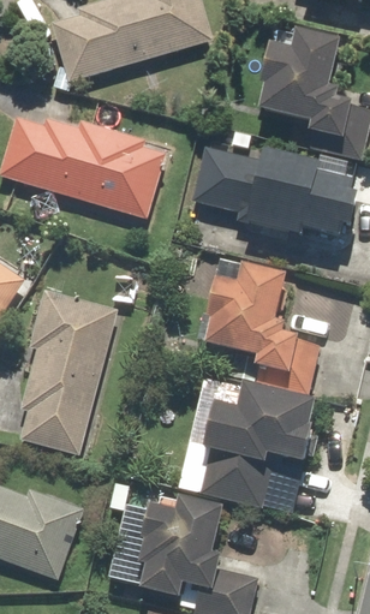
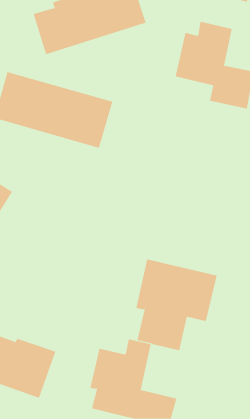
building: [192,148,357,239] -> none
building: [201,261,320,393] -> none
building: [19,288,117,455] -> none

